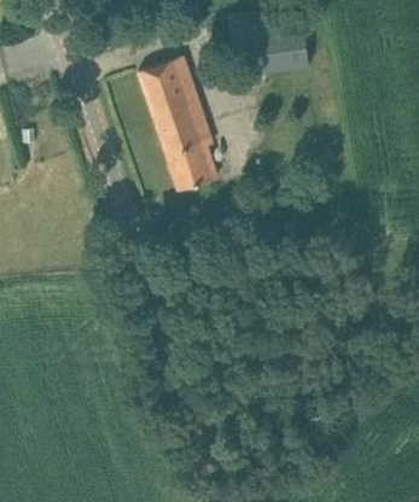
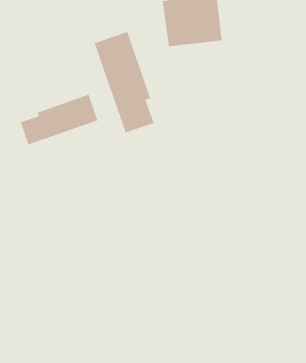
building: none -> [20,94,98,145]

